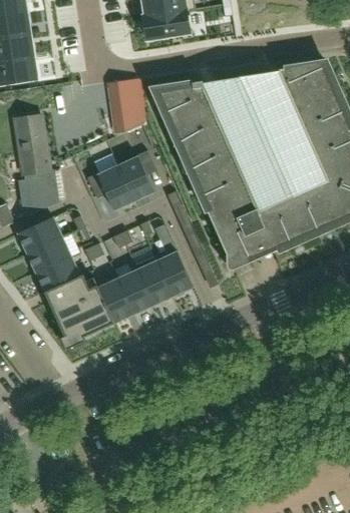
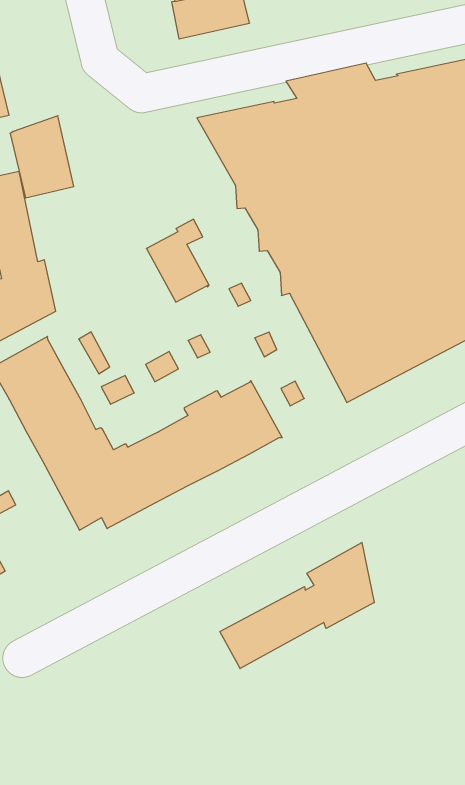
building: [105,79,142,128] -> [10,116,74,198]
building: [87,166,133,210] -> none
building: none -> [220,542,374,669]

